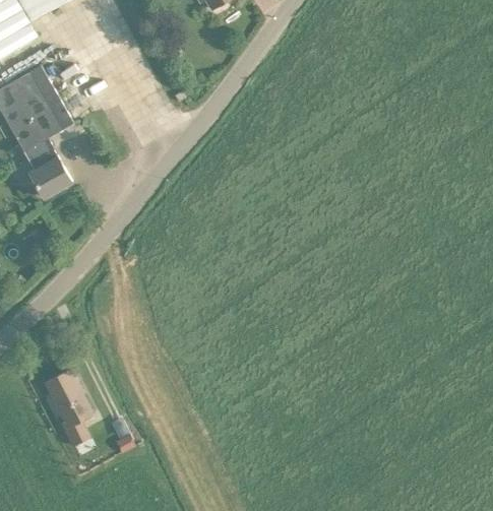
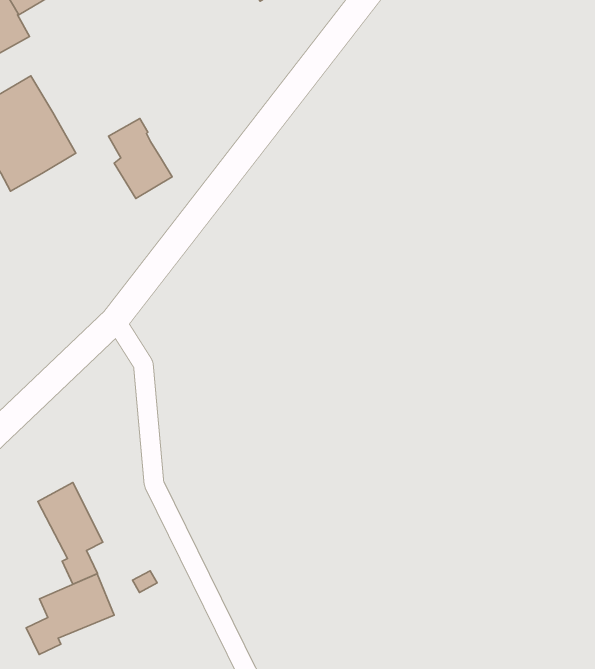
building: [23,137,71,197] -> [109,119,172,199]
building: none -> [26,574,114,654]

